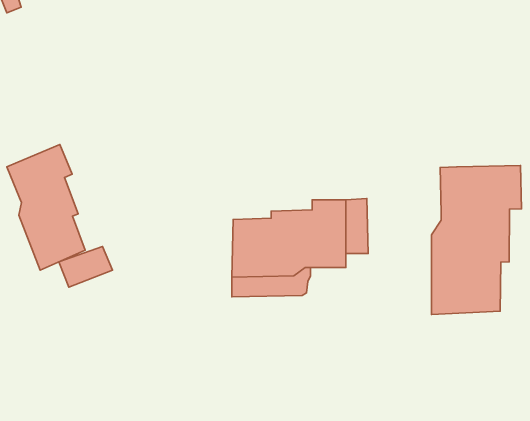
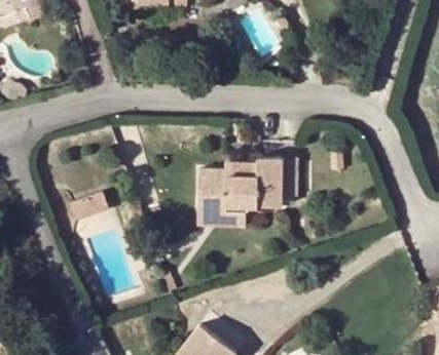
building: [7,145,85,270] -> none
building: [431,165,521,315] -> none

